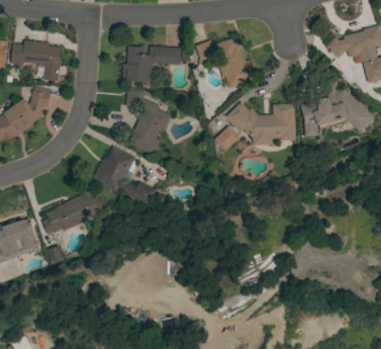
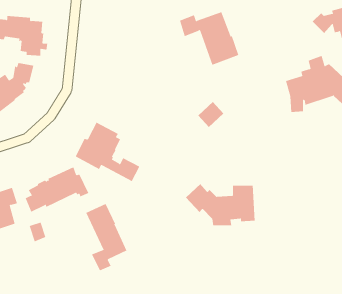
building: [122,46,181,83] -> none
building: [126,90,172,155] -> none
building: [226,102,296,145] -> [185,183,256,226]
building: none -> [85,203,127,271]

